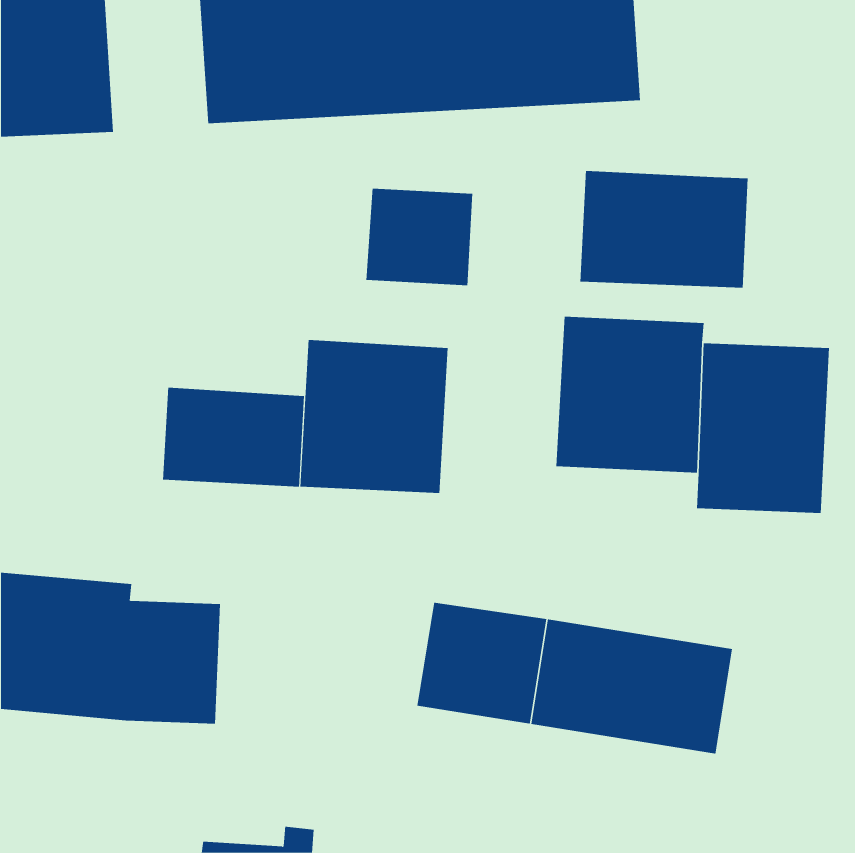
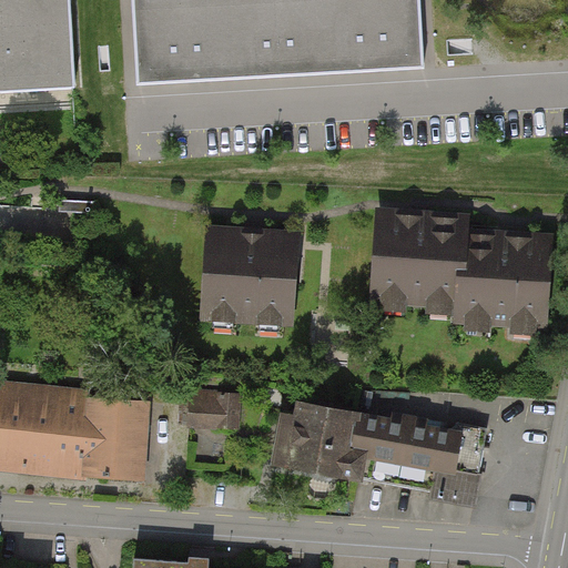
building: [580,170,748,288] -> none
building: [366,188,473,286] -> none
building: [163,387,304,488] -> none
building: none -> [181,383,245,435]

